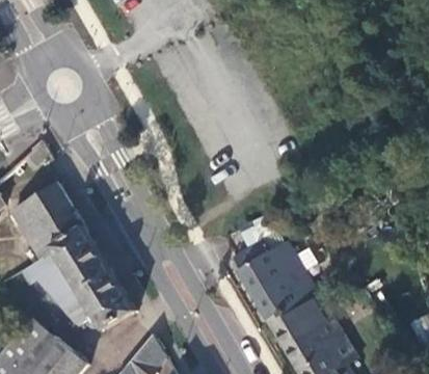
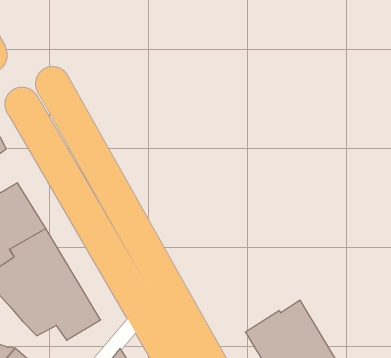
building: [232,240,316,321] -> none

